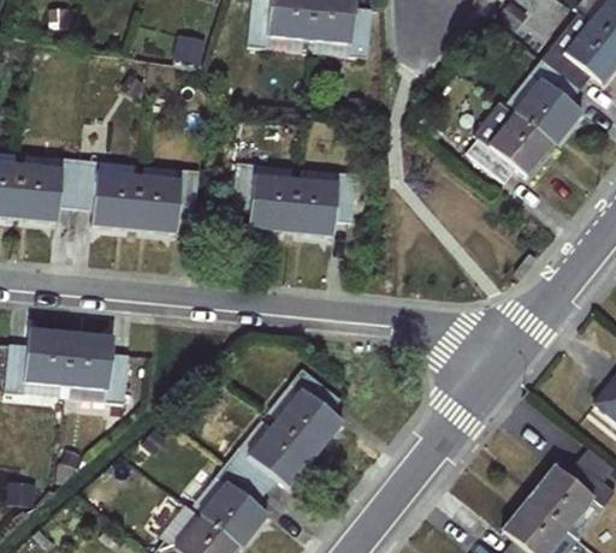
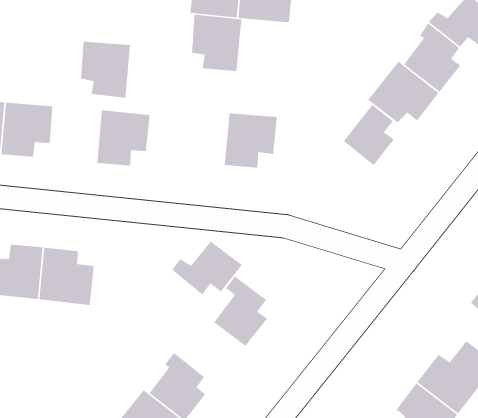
building: none -> [343,104,395,166]
building: [76,160,138,231] -> [80,41,131,99]
building: [232,162,295,233] -> [191,14,242,72]
building: [227,426,315,493] -> [171,240,243,295]

